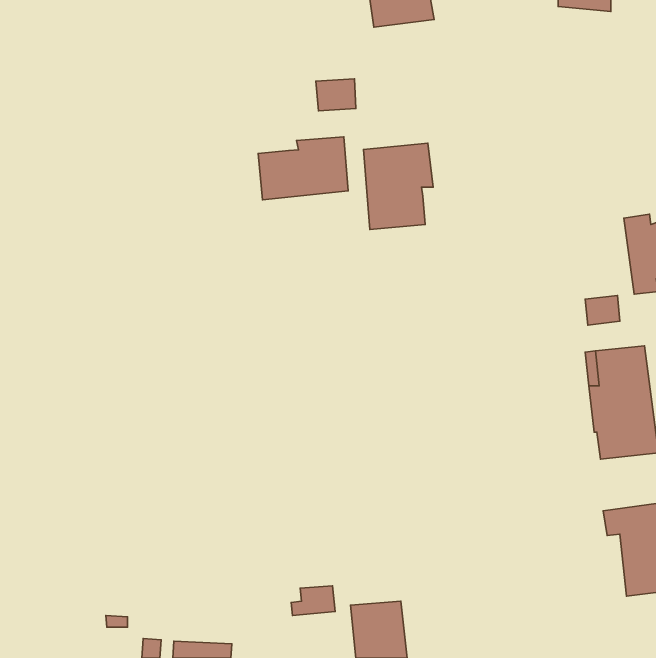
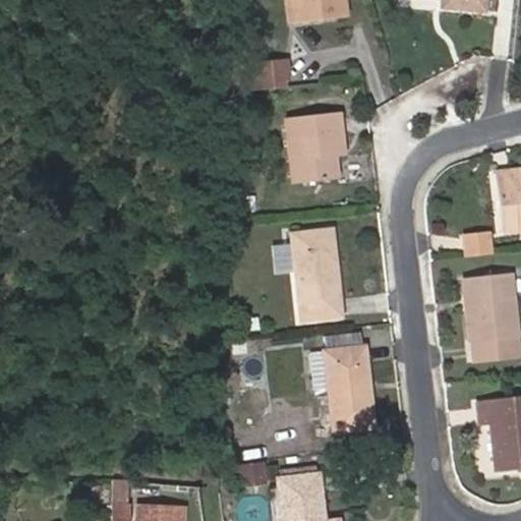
building: [258,137,348,200] -> none
building: none -> [292,229,342,320]
building: none -> [325,346,373,429]

